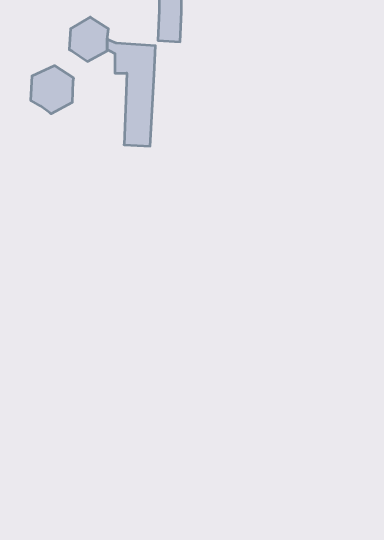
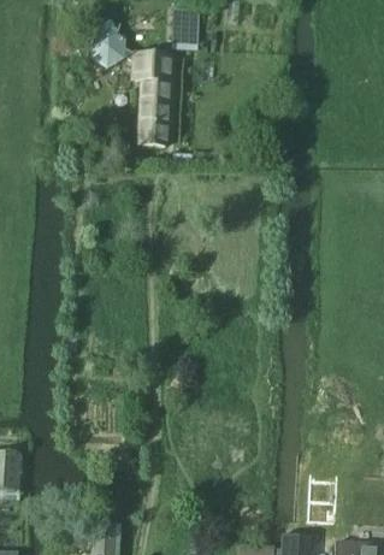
building: [31,66,73,114] -> none

